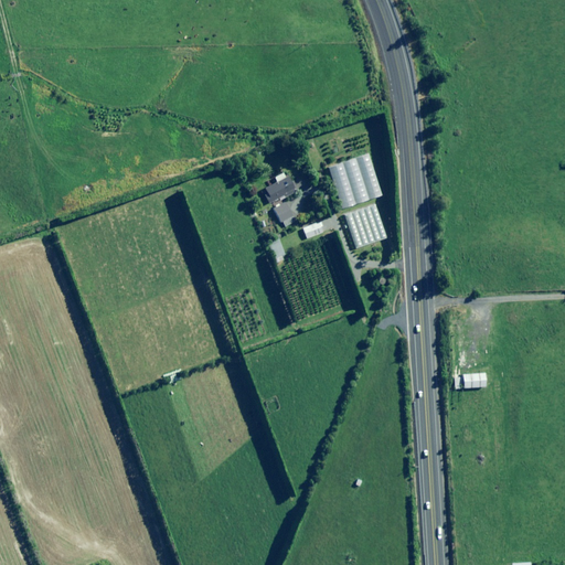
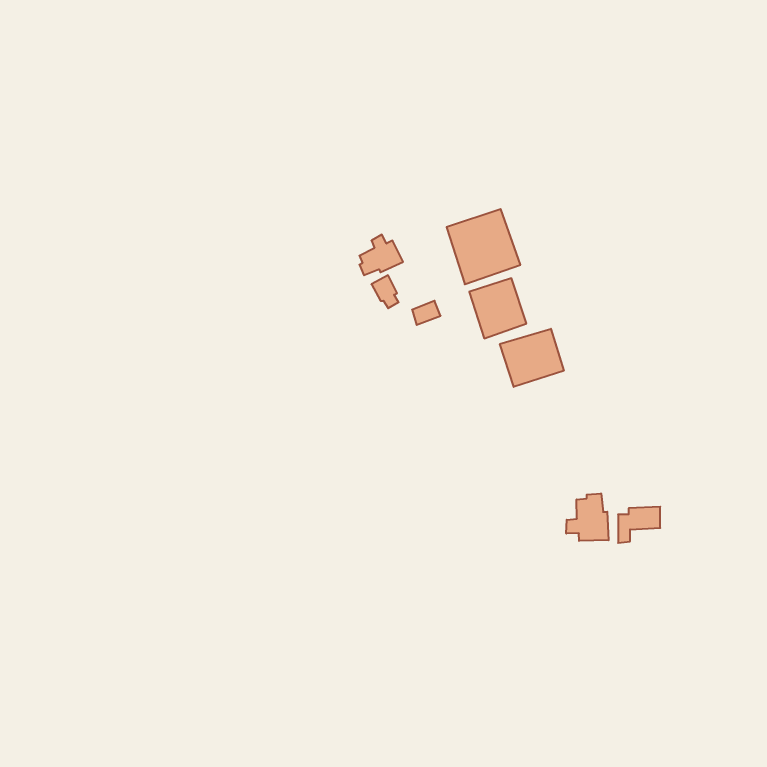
building: none -> [500,329,564,387]
building: none -> [566,493,609,541]

